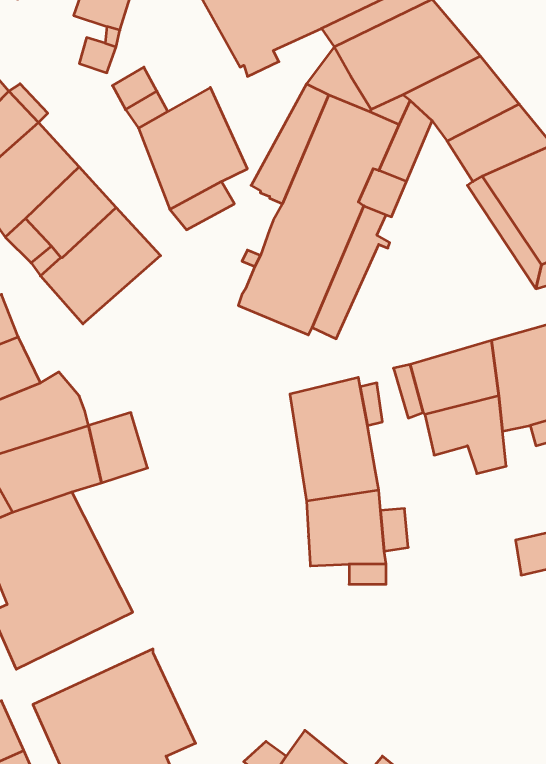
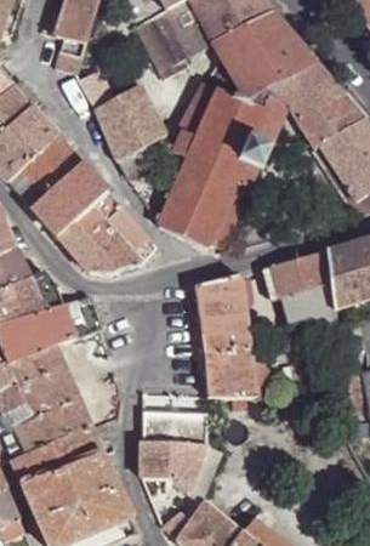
building: none -> [58,193,156,273]
building: none -> [143,409,207,494]
building: none -> [15,427,104,488]

